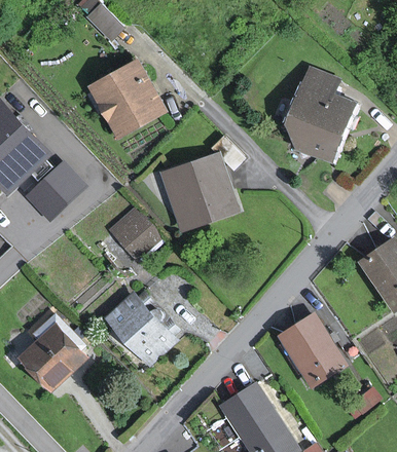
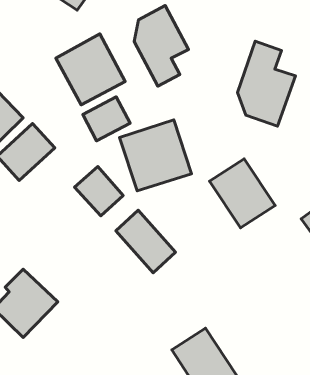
building: none -> [134,6,189,86]
building: none -> [83,97,130,141]
building: [107,294,173,363] -> [116,210,176,273]
building: [275,313,347,389] -> [210,159,275,228]

